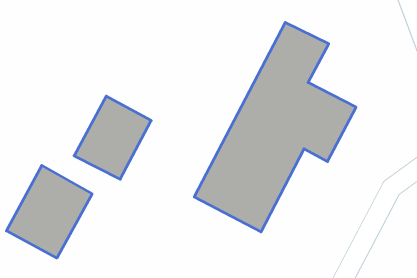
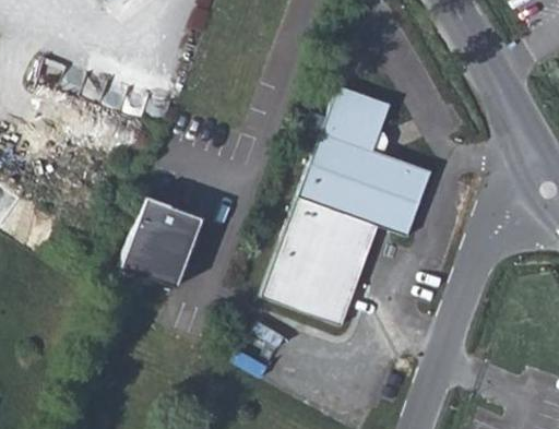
building: [6,165,92,258] -> none

